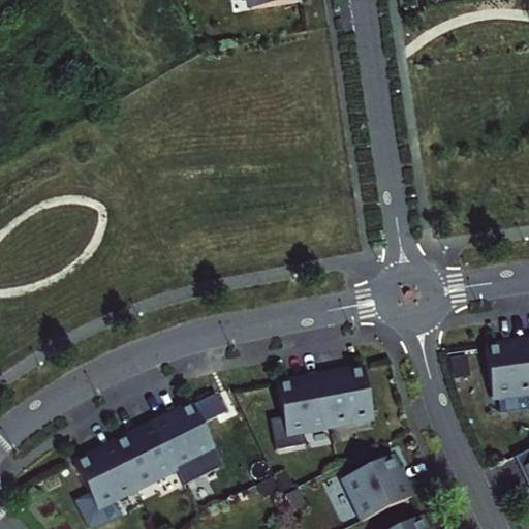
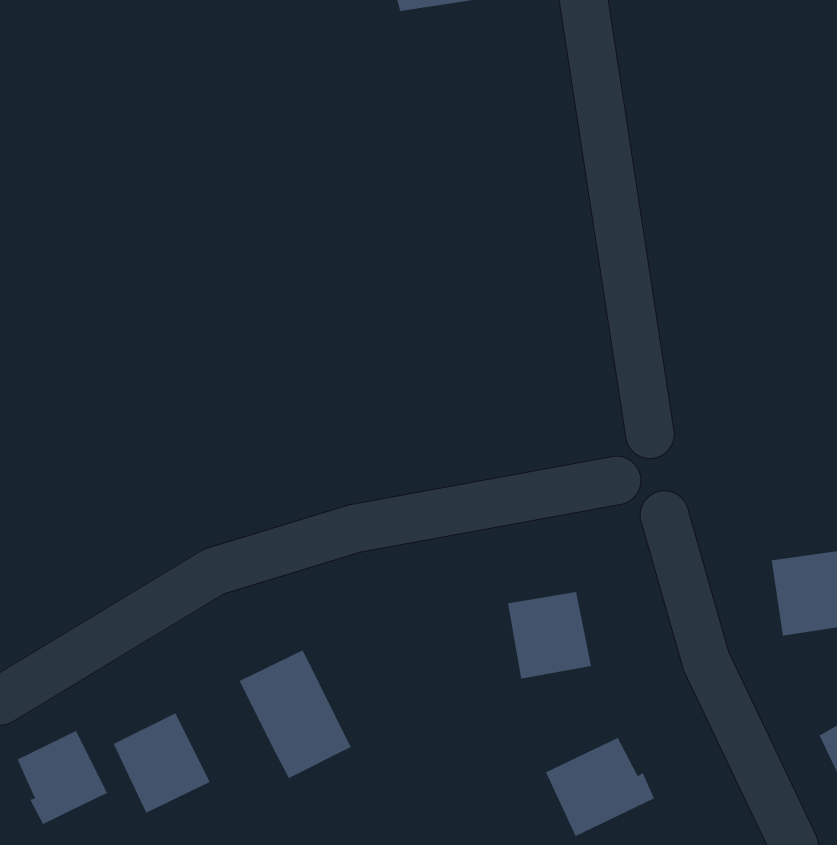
building: [273,376,331,449] -> none
building: [116,425,177,488] -> none
building: none -> [17,730,108,825]

